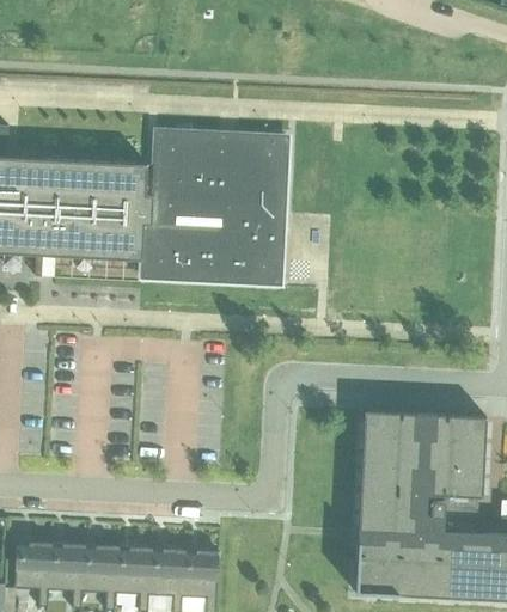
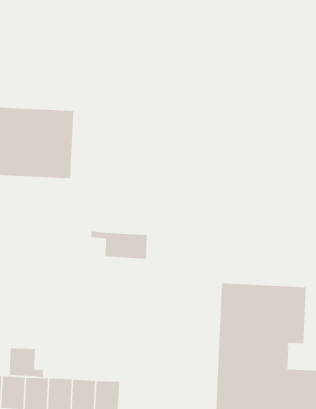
building: [141,133,288,284] -> none
building: none -> [91,231,147,259]
building: none -> [9,347,44,378]

